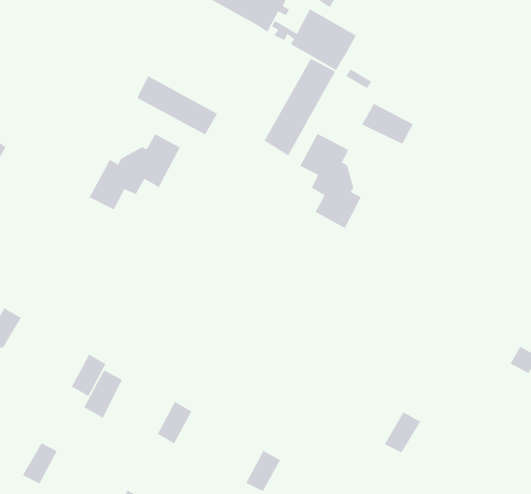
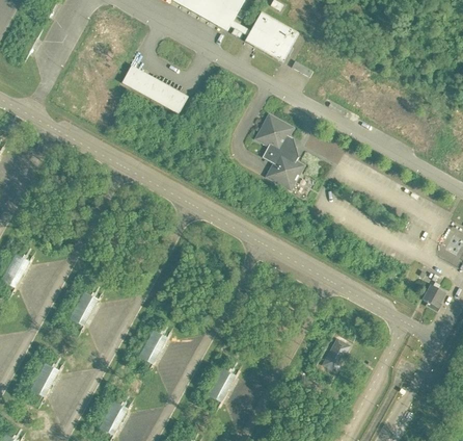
building: [263,58,336,156] -> none
building: [361,103,414,145] -> none
building: [89,133,181,211] -> none
building: [83,369,123,419] -> none

